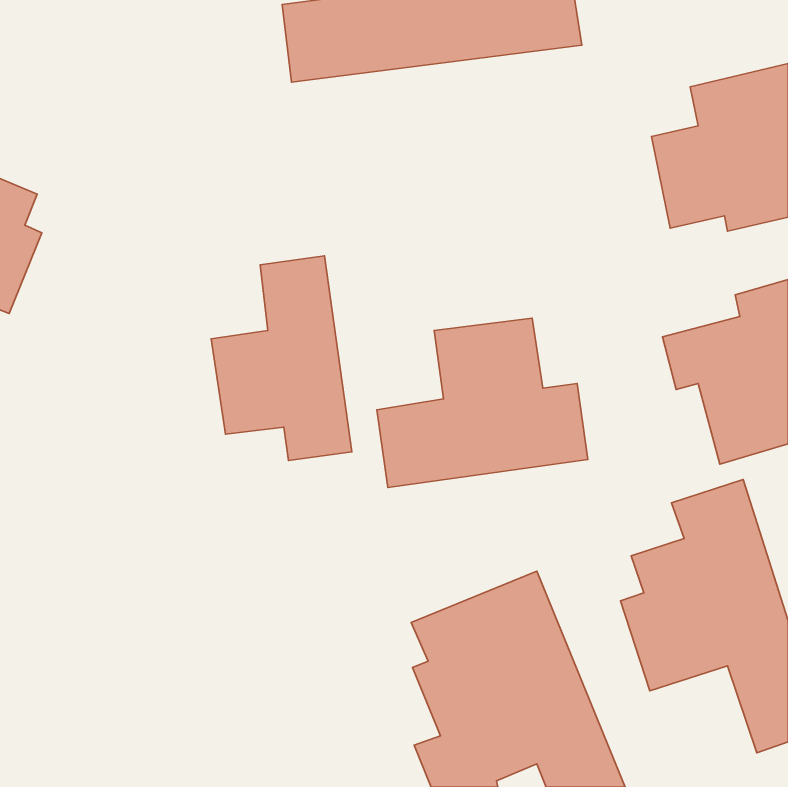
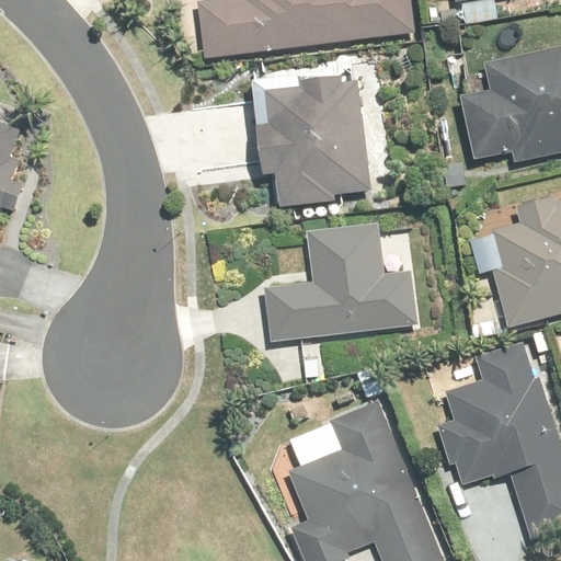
building: none -> [254,76,373,206]
building: [211,256,352,460] -> none

